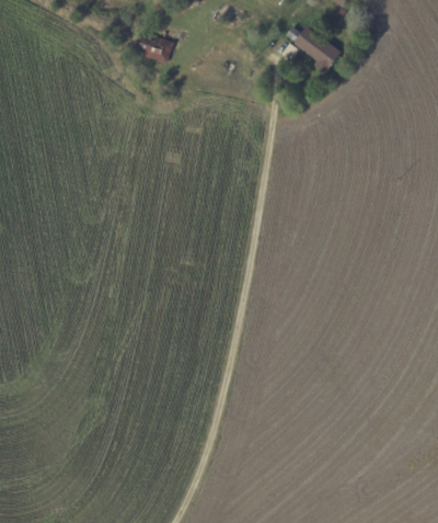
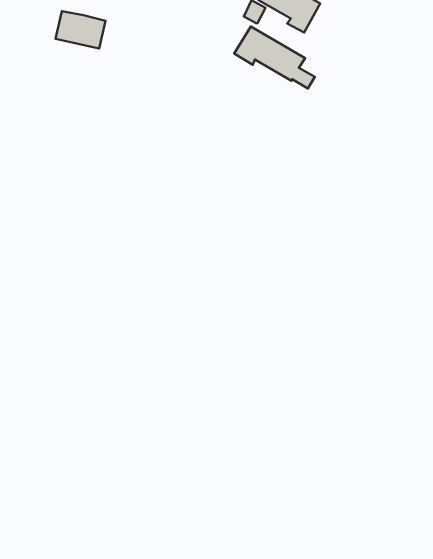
building: none -> [234,27,315,88]

